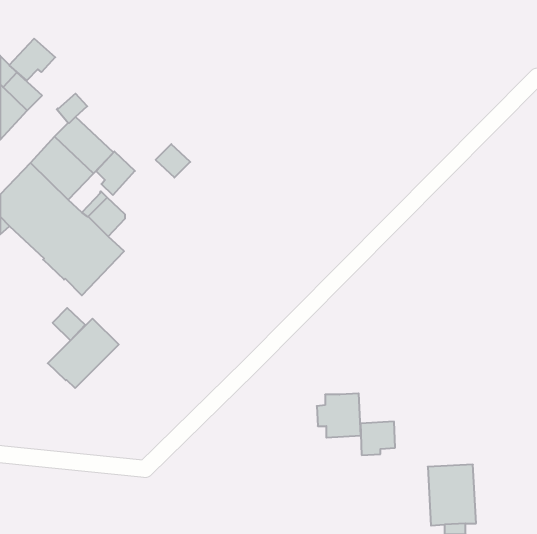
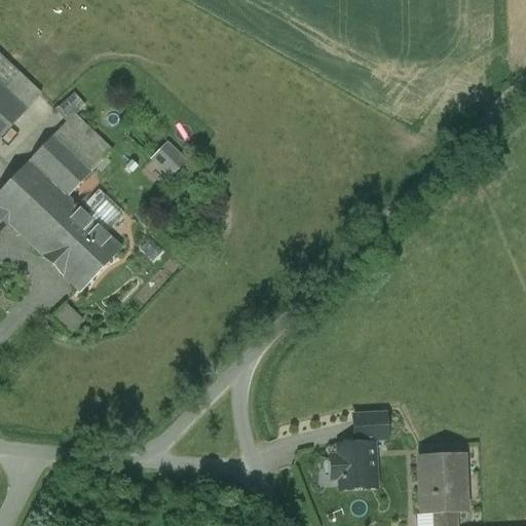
building: [9,39,55,81] -> none
building: [96,151,135,195] -> none
building: [48,319,119,388] -> none
building: [317,393,361,438] -> [331,444,374,487]

